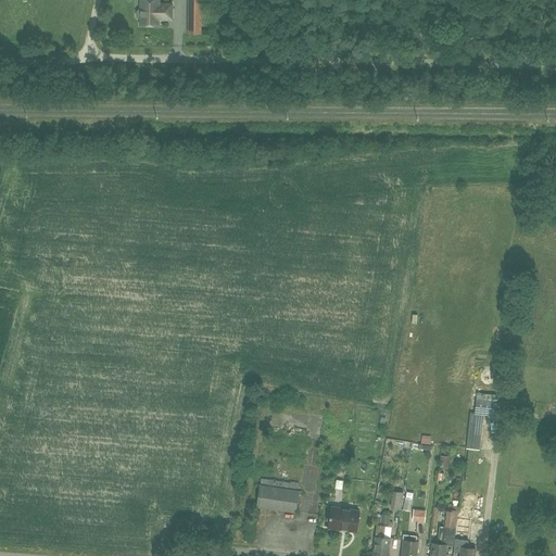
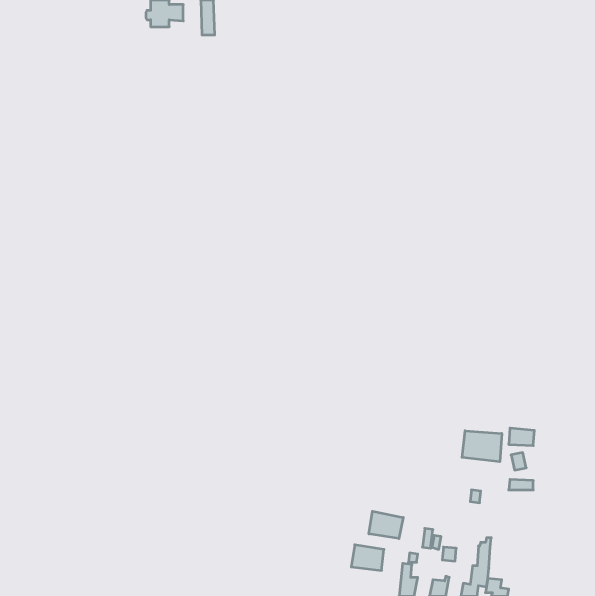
building: none -> [462,431,502,462]
building: none -> [369,511,403,539]
building: [255,478,299,513] -> none

